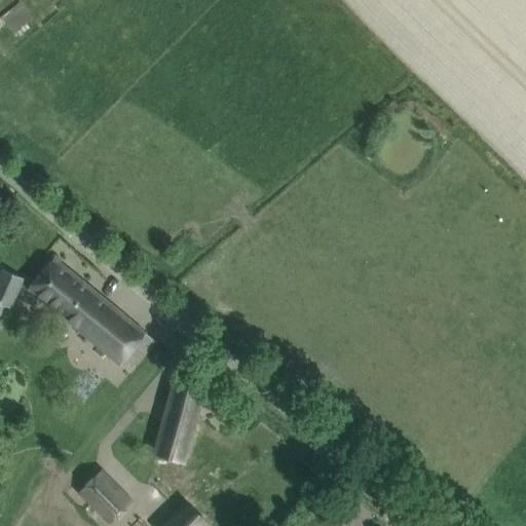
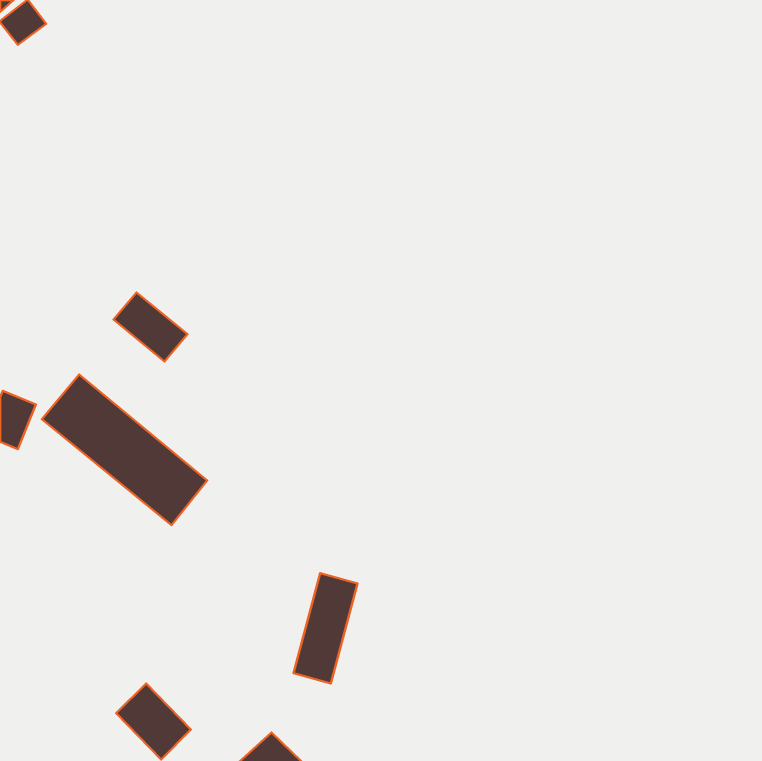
building: none -> [113,292,188,361]
building: [156,384,200,460] -> [293,573,358,684]

